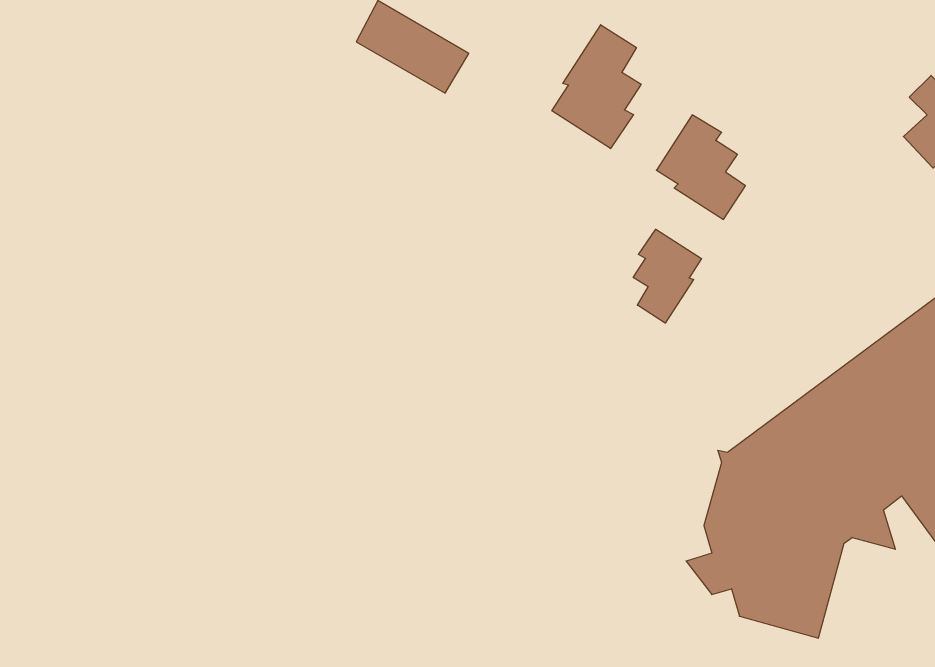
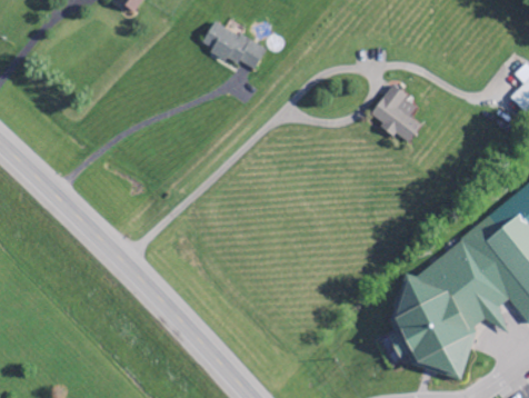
building: [552,25,641,149] -> none
building: [633,229,702,323] -> none

